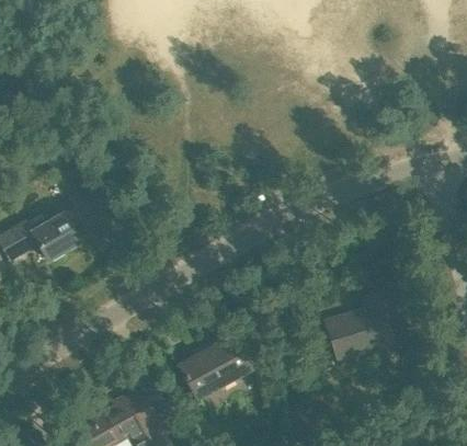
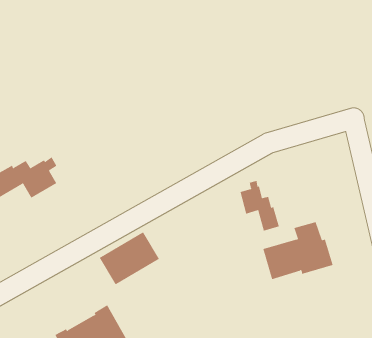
building: none -> [240,180,280,231]
building: [178,335,251,400] -> [99,231,160,285]

